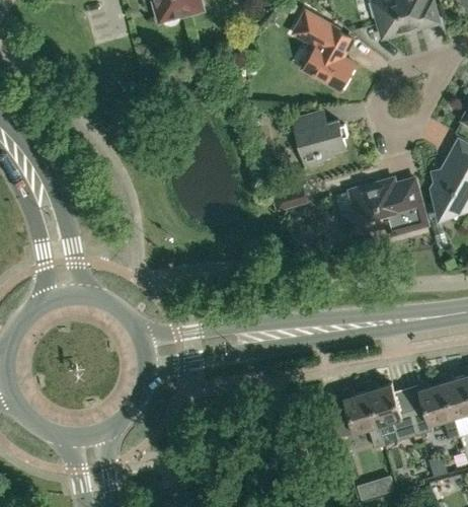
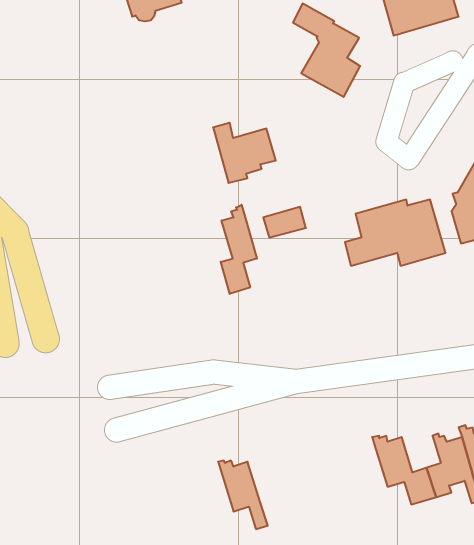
building: [292,116,345,167] -> [213,123,276,183]
building: none -> [221,205,257,294]
building: [340,388,383,447] -> [218,461,268,529]

